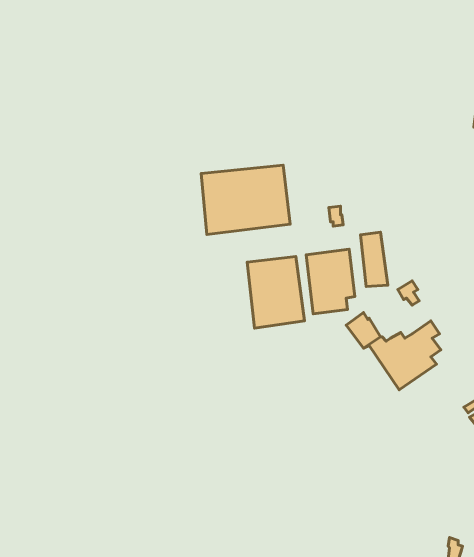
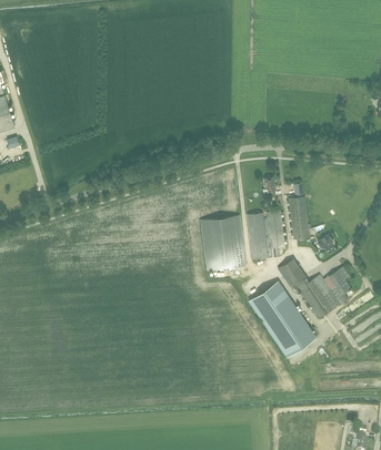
building: [201,165,290,235] -> none
building: none -> [248,279,317,357]

